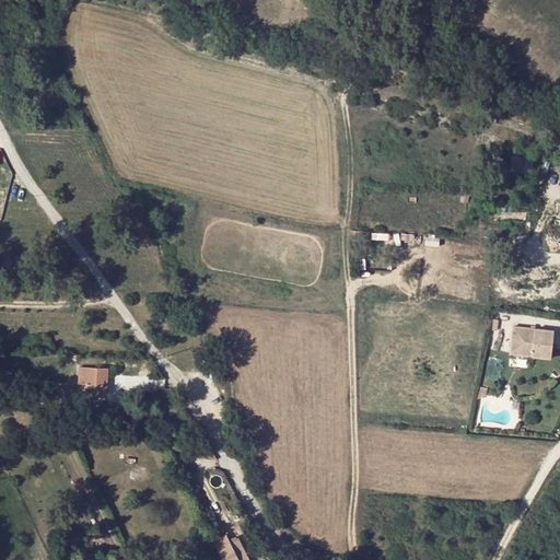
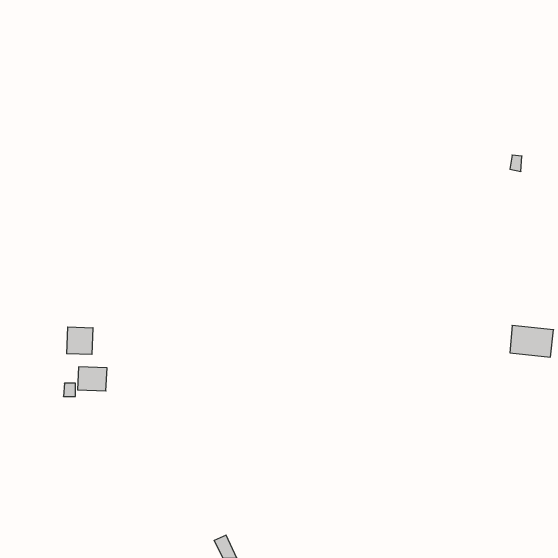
building: none -> [67,327,93,354]

